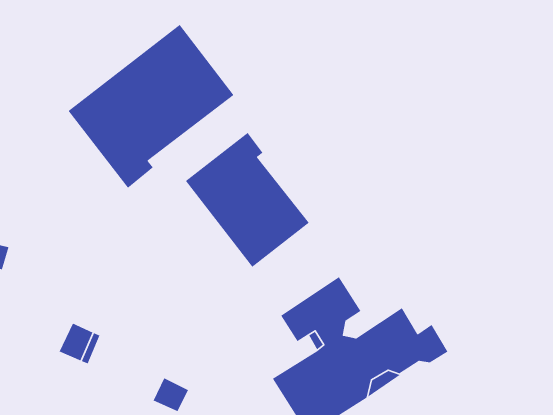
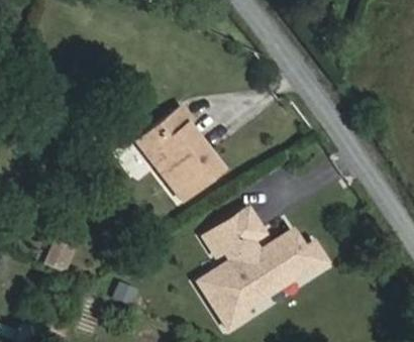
building: [67,24,234,189] -> none

